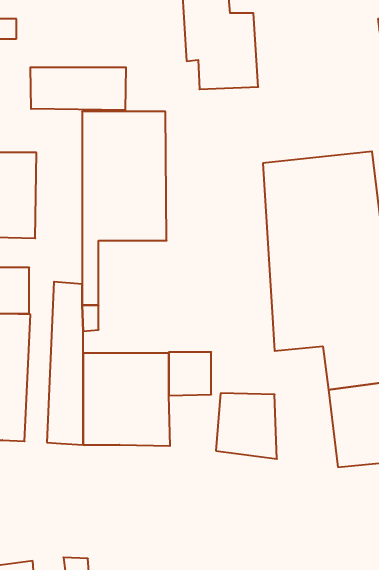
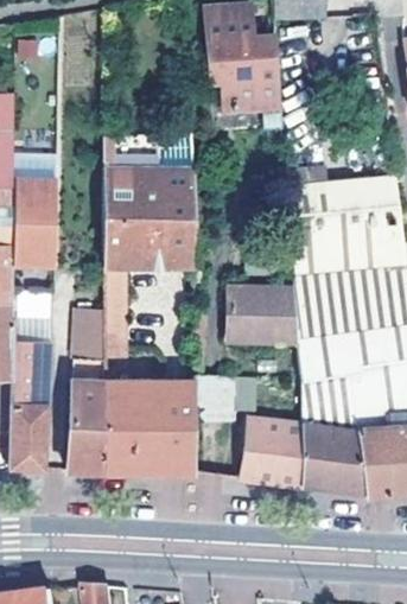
building: [30,67,126,110] -> none
building: none -> [229,286,297,342]
building: none -> [299,374,363,496]

